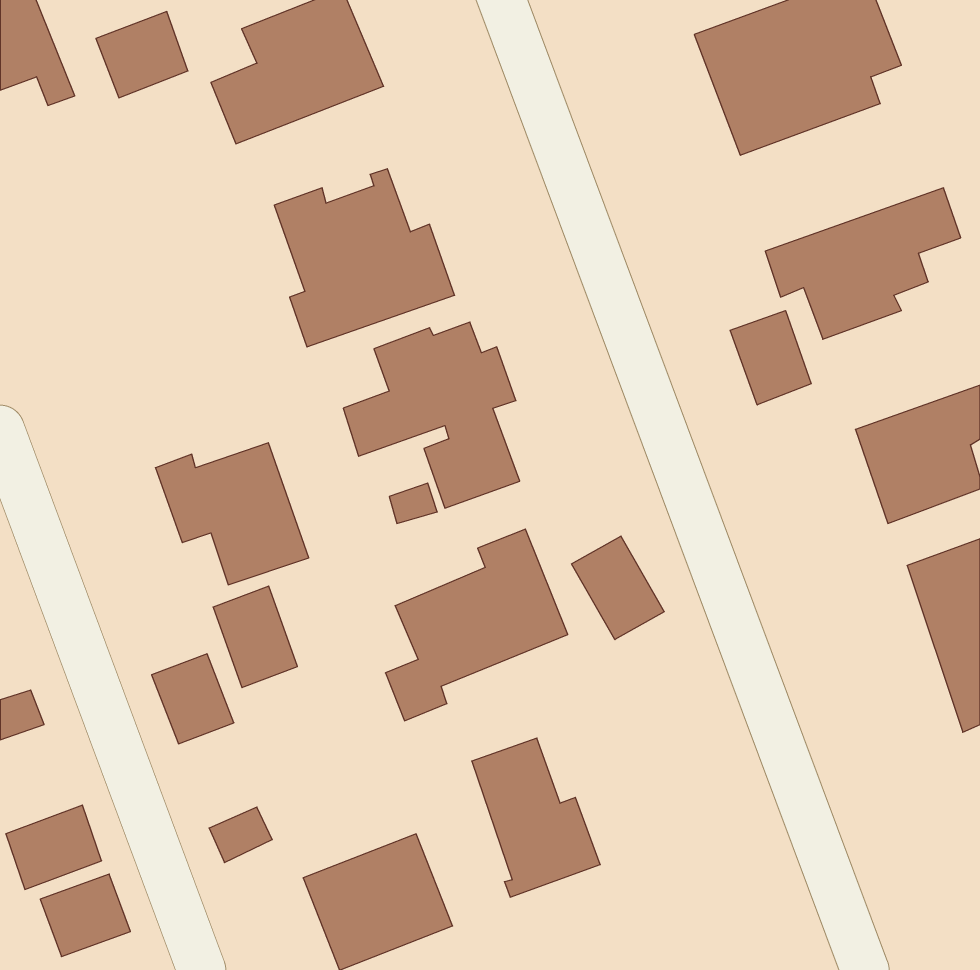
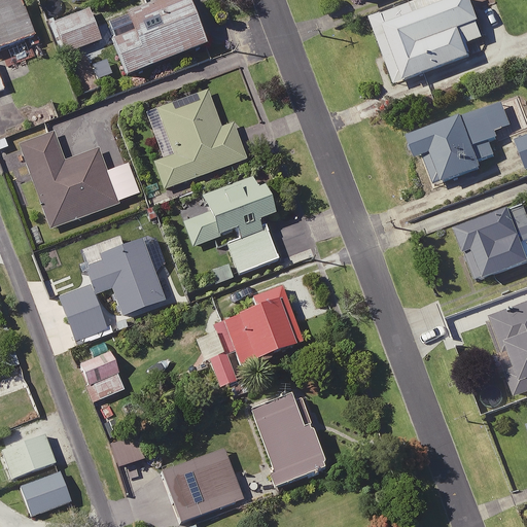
building: none -> [23,132,140,223]
building: [730,311,811,405] -> none
building: [572,536,664,640] -> none
building: [213,586,297,688] -> [61,285,106,340]

